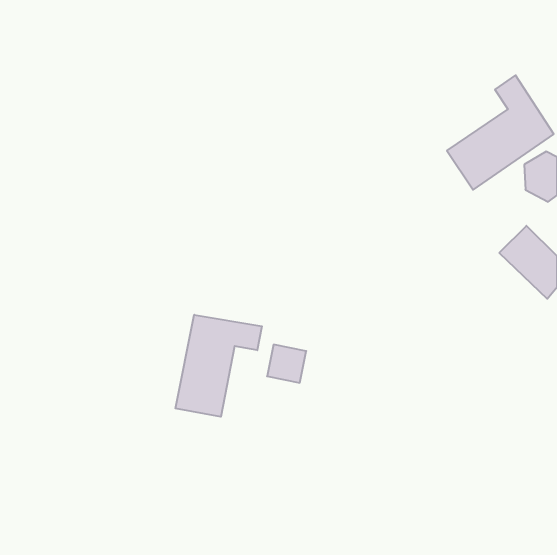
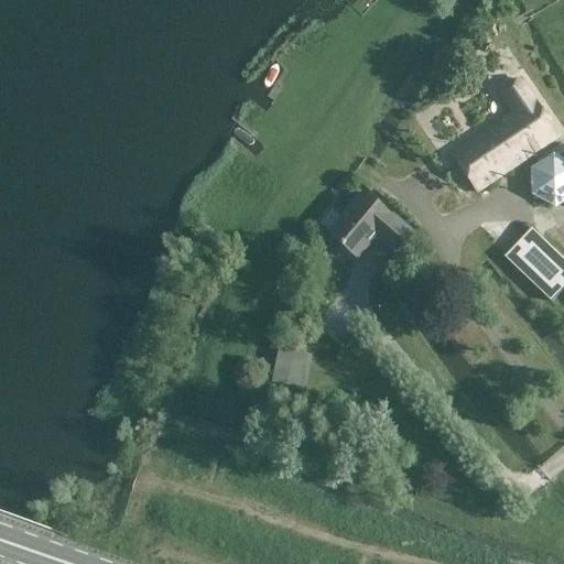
building: none -> [328,192,412,256]
building: [175,315,262,417] -> none

